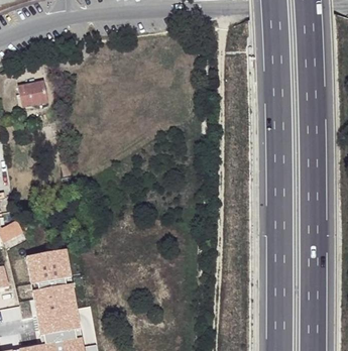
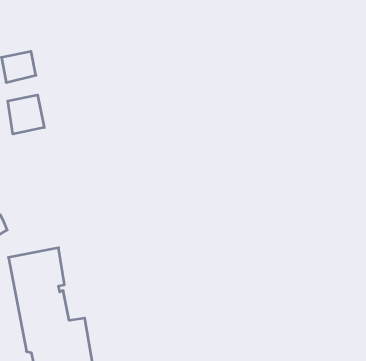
building: none -> [8,95,44,134]

